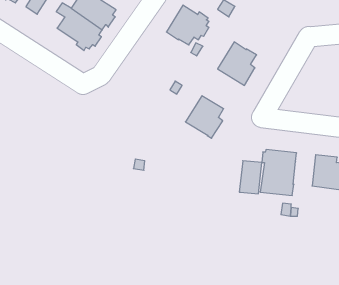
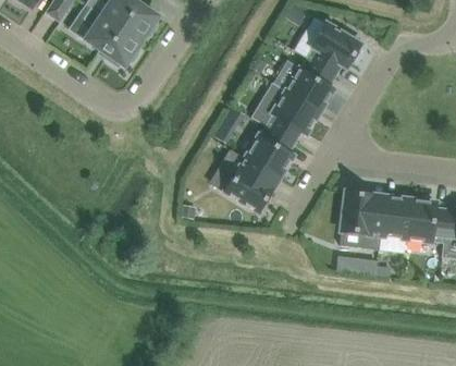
building: [166,5,209,45] -> [306,22,359,72]
building: none -> [266,89,319,139]
building: none -> [224,156,278,210]
building: [239,161,262,194] -> [380,195,408,236]

